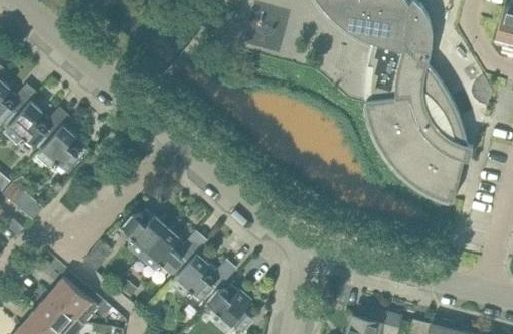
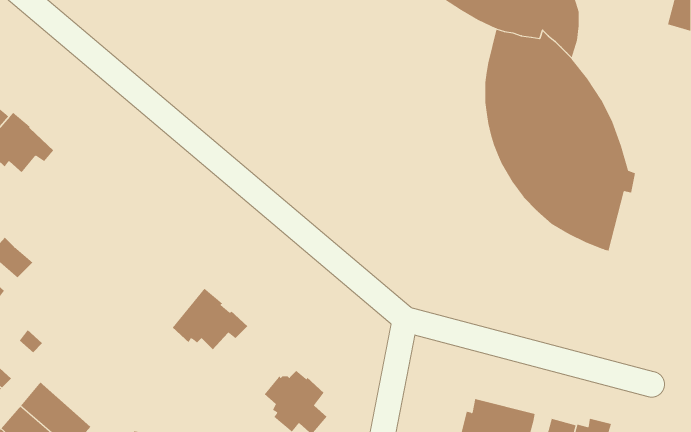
building: [38,125,81,168] -> none
building: [123,210,166,255] -> none
building: [173,254,237,297] -> none
building: [49,276,92,317] -> none

